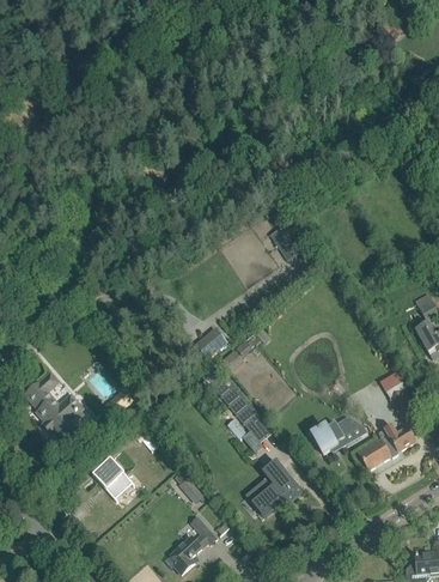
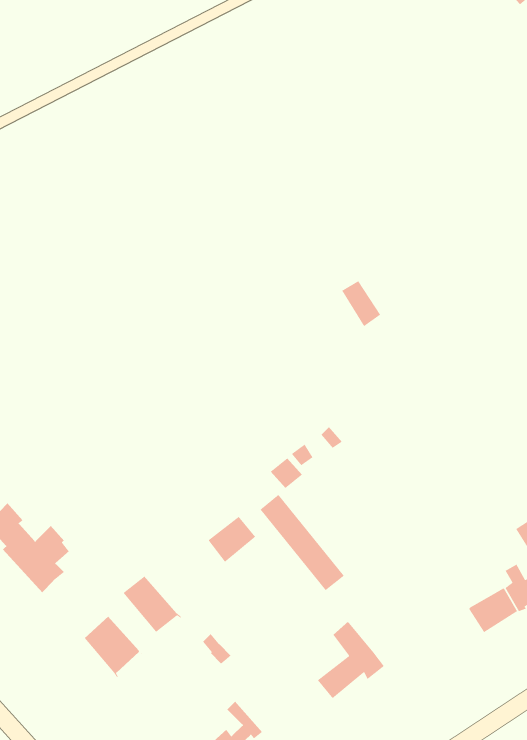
building: [194,327,227,359] -> [208,516,256,563]
building: [310,417,360,453] -> none
building: none -> [122,575,182,636]

